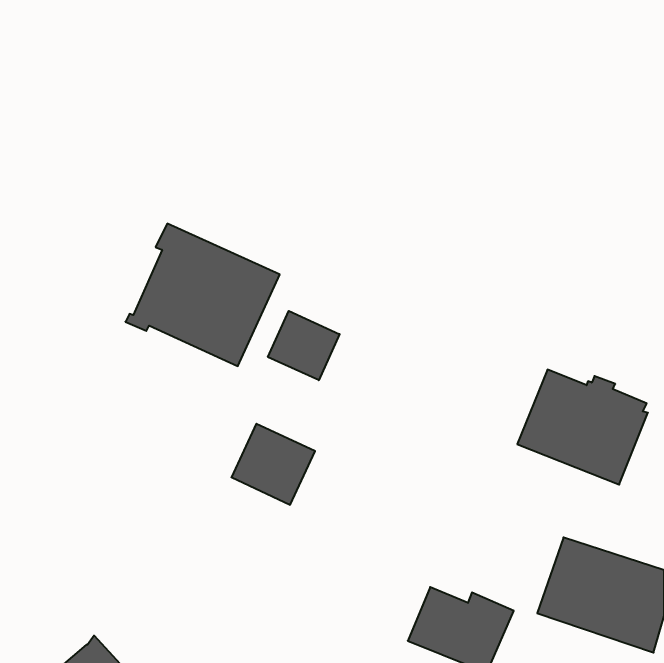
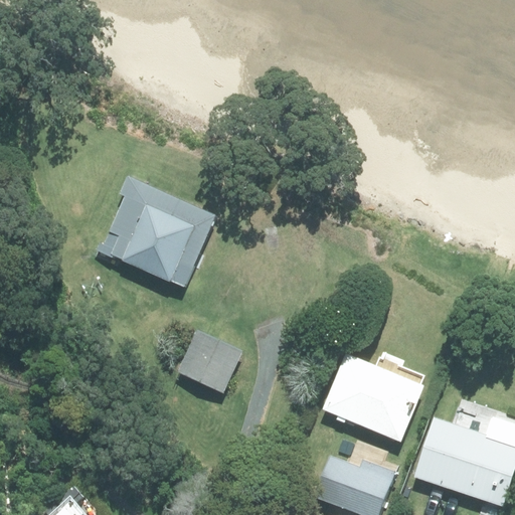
building: [268,311,340,380] -> none
building: [517,370,648,485] -> [323,352,423,441]

